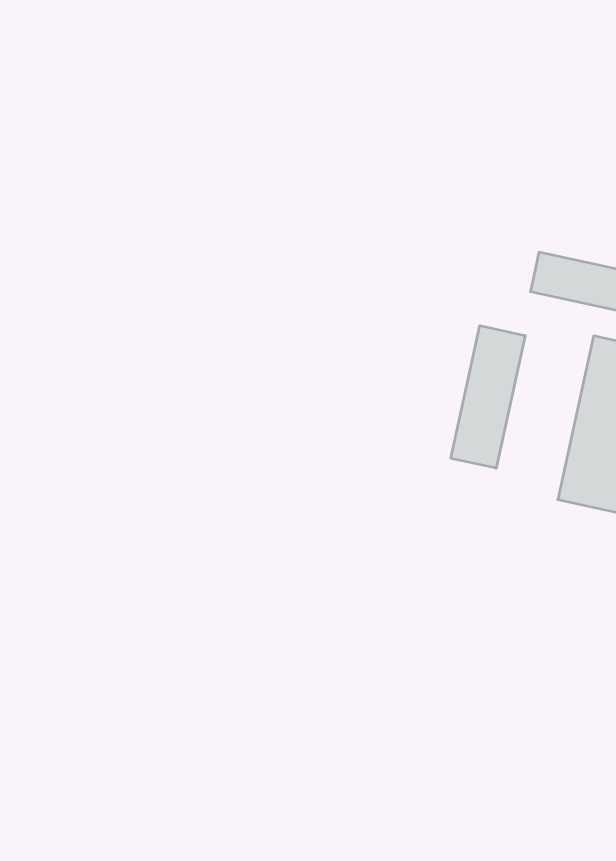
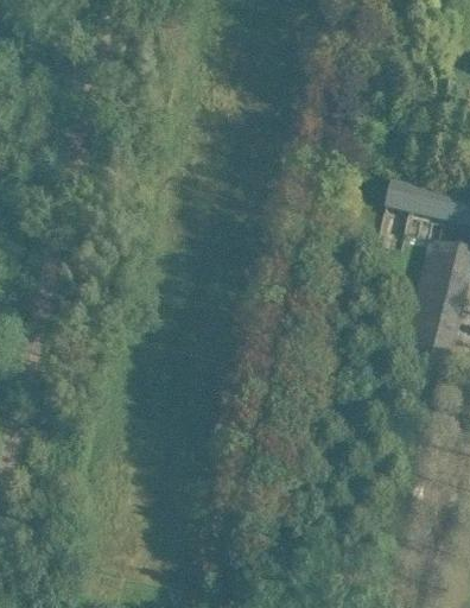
building: [451,326,525,468] -> none

